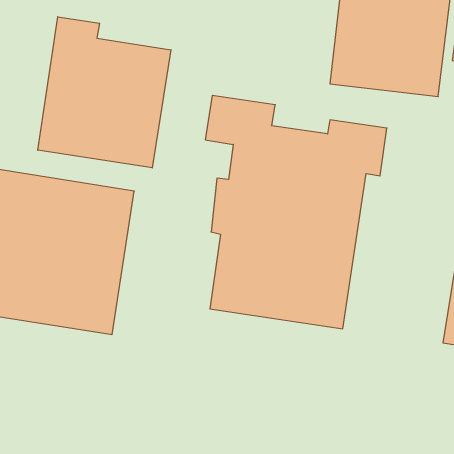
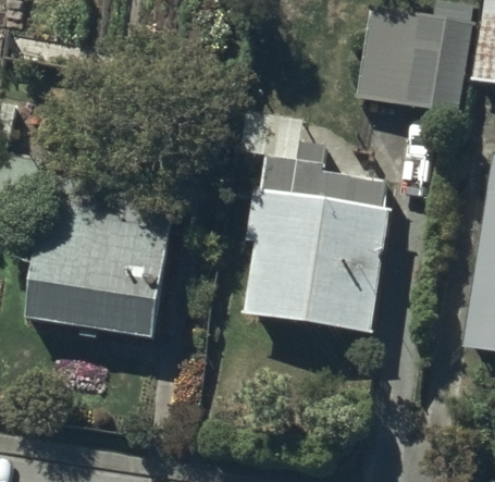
building: [38,17,171,168] -> none

